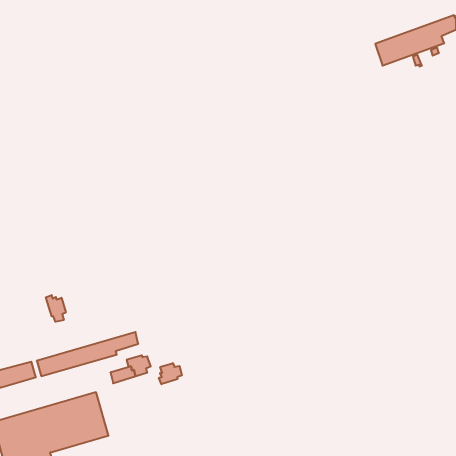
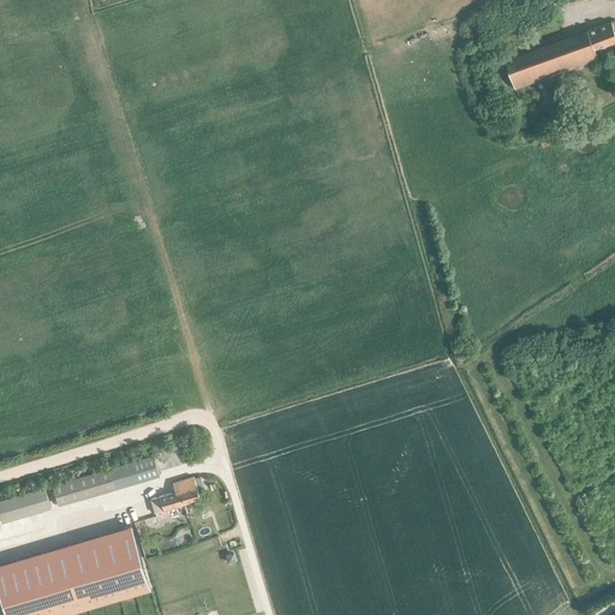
building: [46,295,66,322] -> none
building: [159,363,182,384] -> none

